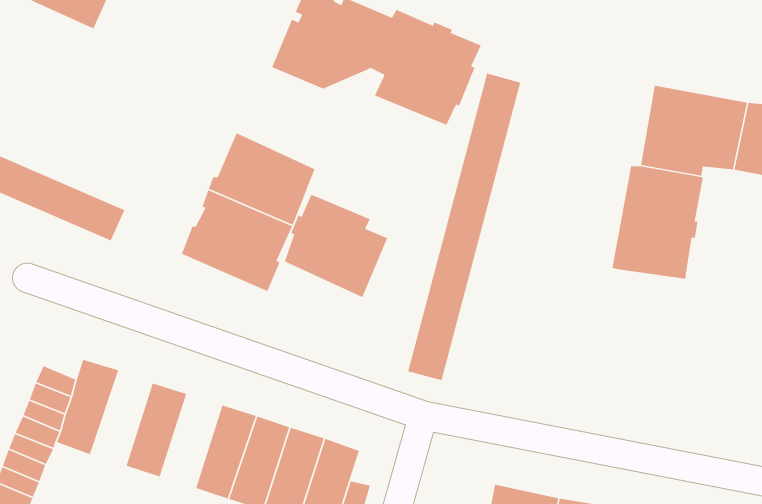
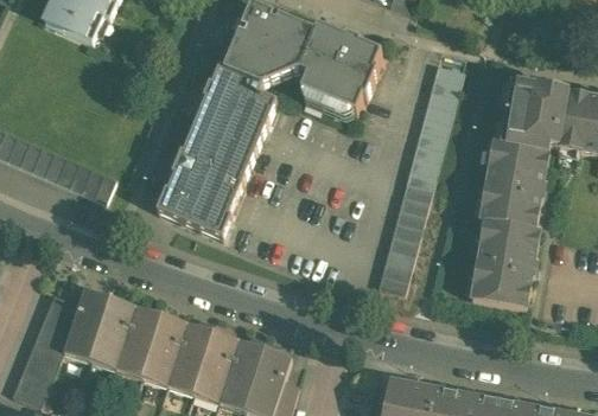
building: [407,73,521,381] -> [377,62,463,293]
building: [284,194,388,298] -> [198,68,276,146]
building: none -> [471,222,539,308]
building: none -> [89,296,135,369]
building: none -> [141,314,187,385]

